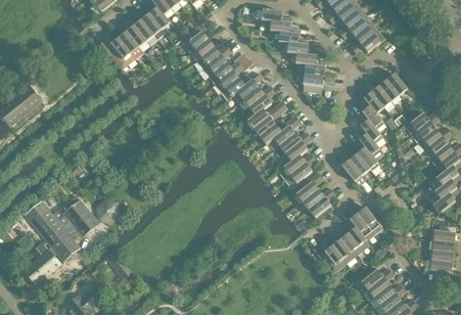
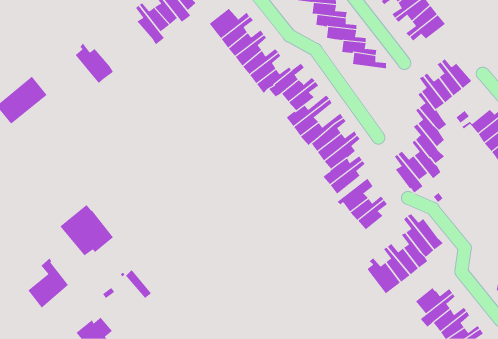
building: [101,32,135,68] -> [75,42,114,84]
building: [303,74,334,93] -> none
building: [97,199,120,222] -> none
building: [25,200,81,261] -> none

